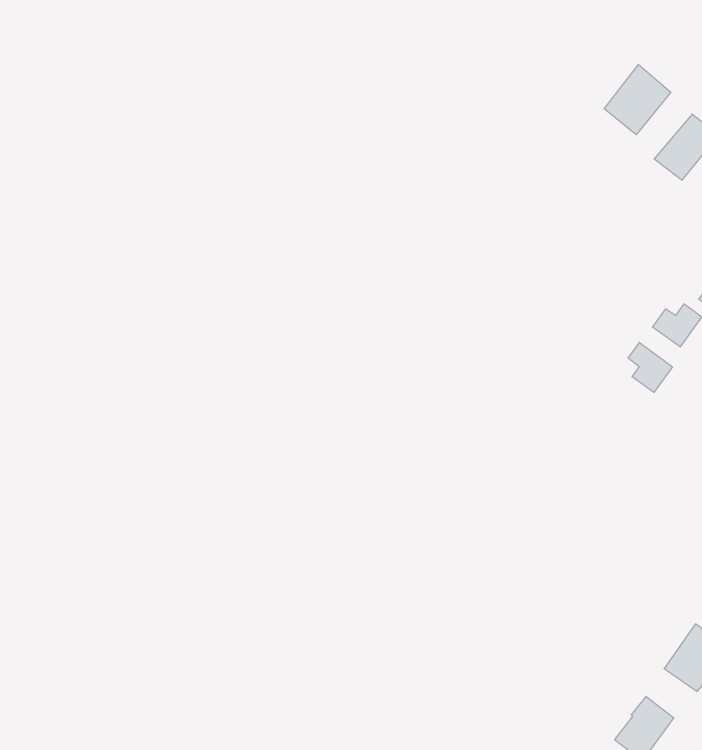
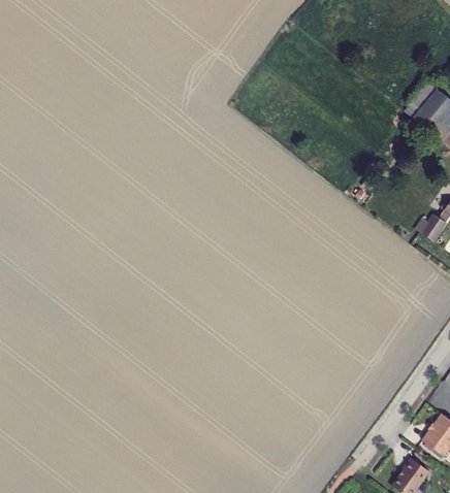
building: [604,64,671,135] -> none
building: [628,342,672,392] -> none

